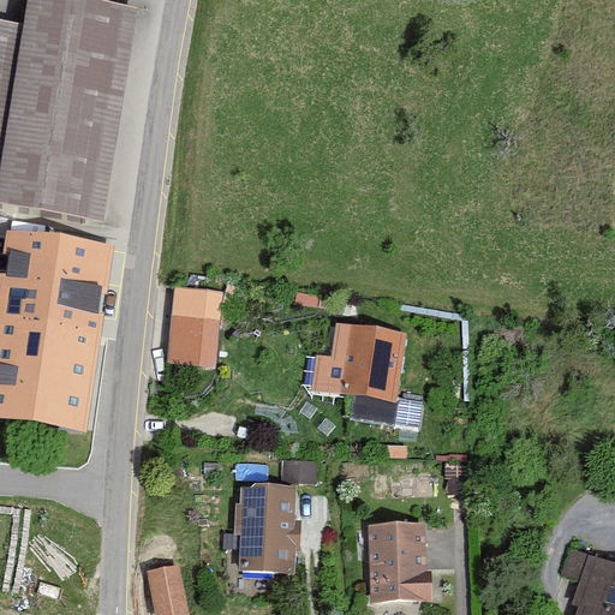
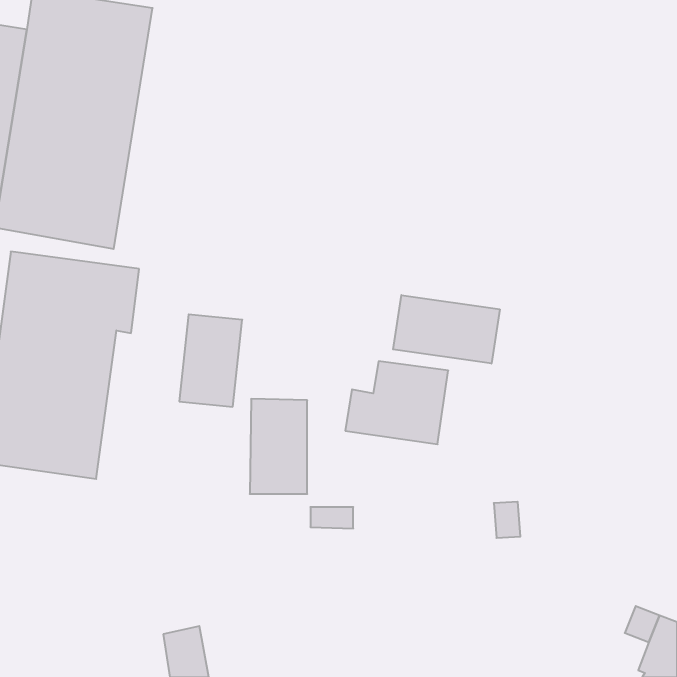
building: none -> [393,295,500,364]
building: [240,484,292,569] -> [250,399,307,494]
building: [370,521,432,602] -> none

